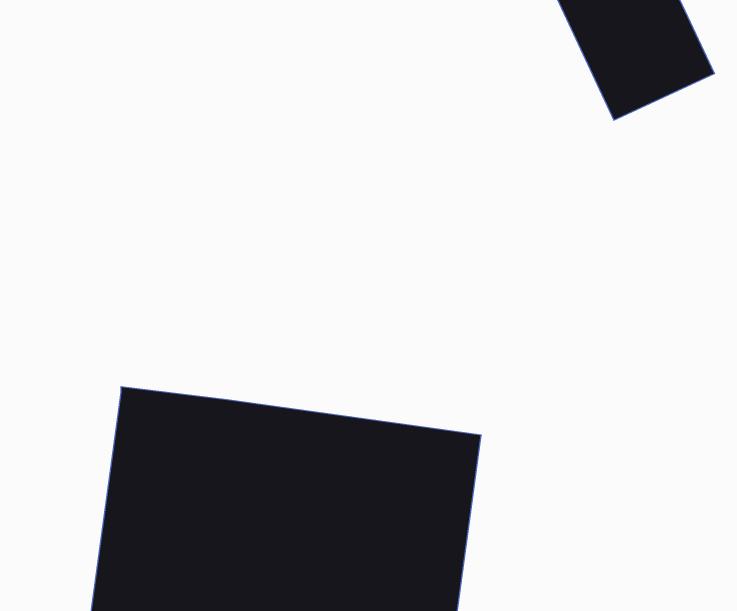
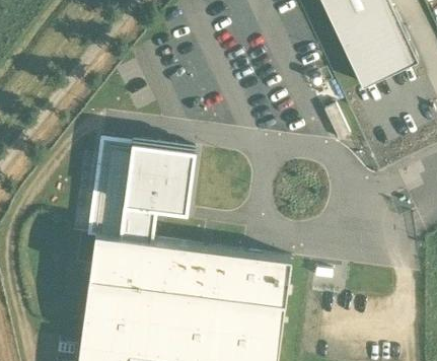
building: none -> [86,138,195,241]

